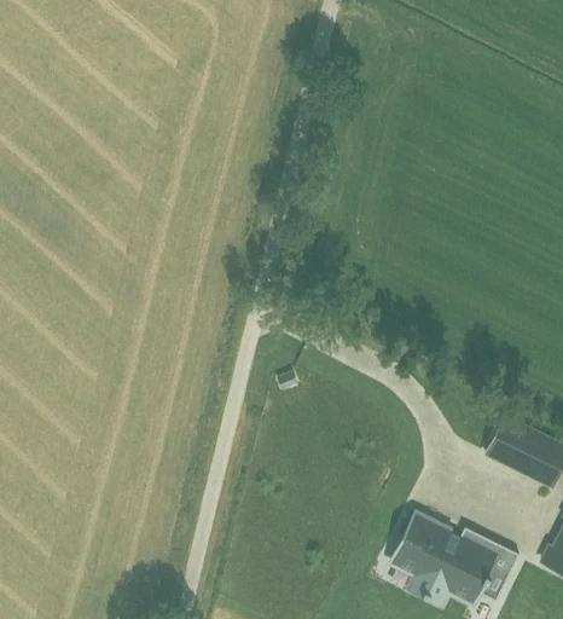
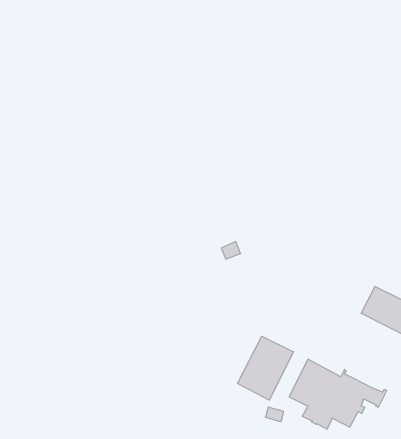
building: none -> [238,336,294,400]

